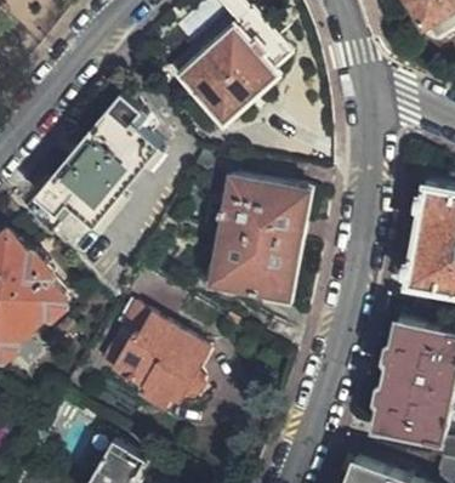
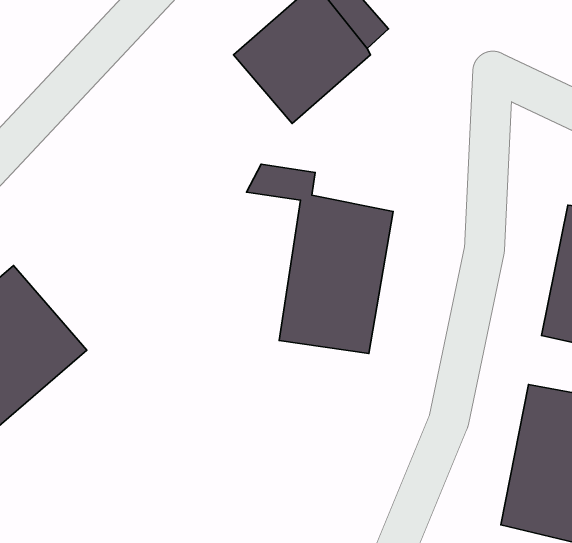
building: [23,89,155,238] -> none
building: [112,307,209,407] -> none

